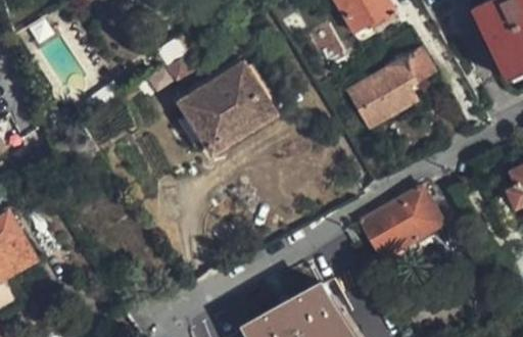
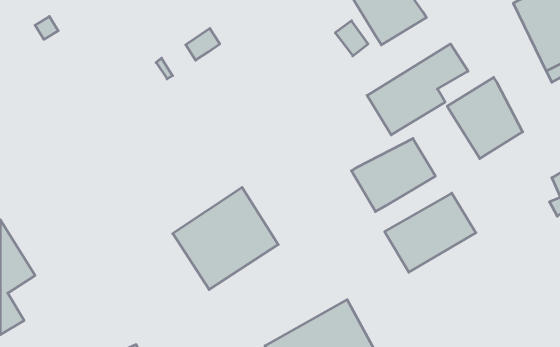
building: [176,59,274,154] -> [173,187,278,290]
building: none -> [447,77,523,159]
building: none -> [351,138,435,212]

